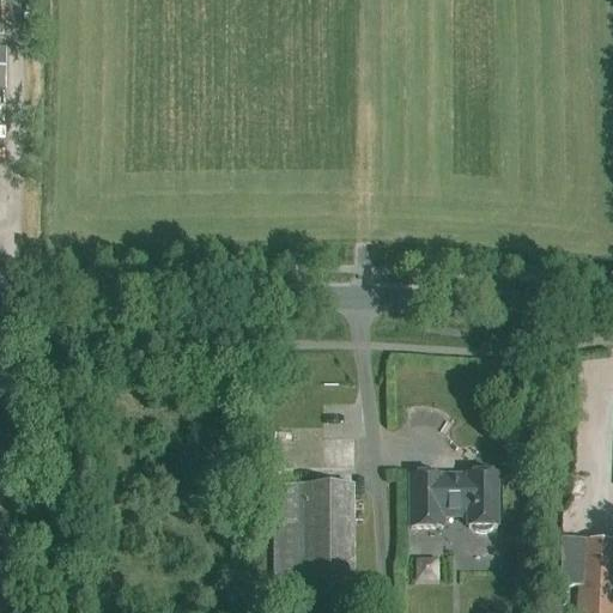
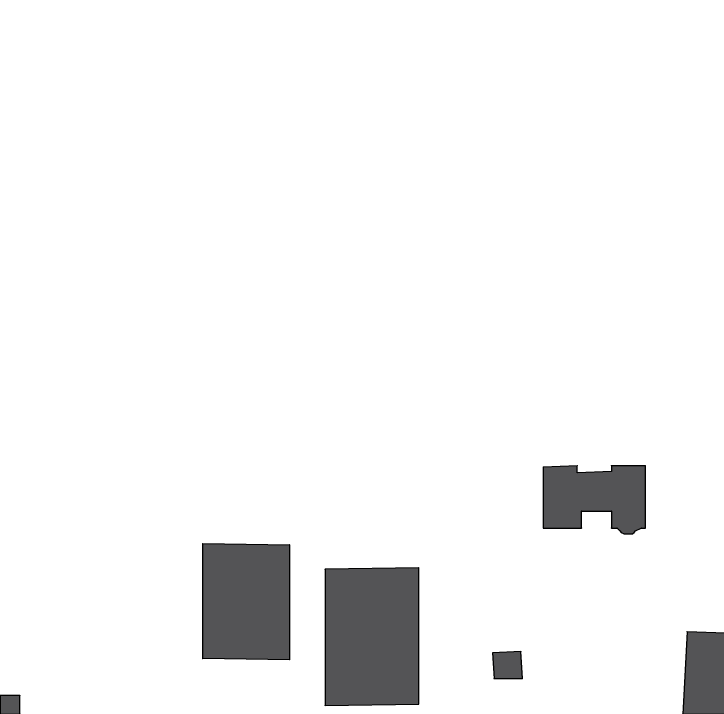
building: none -> [203,544,289,660]
building: [411,468,497,526] -> [543,466,645,534]

